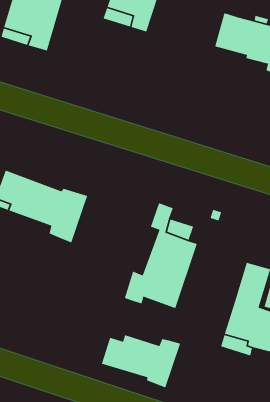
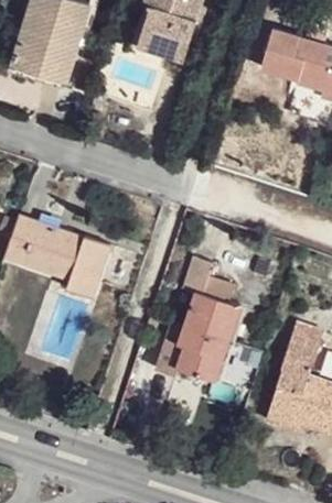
building: [101,334,181,388] -> none

